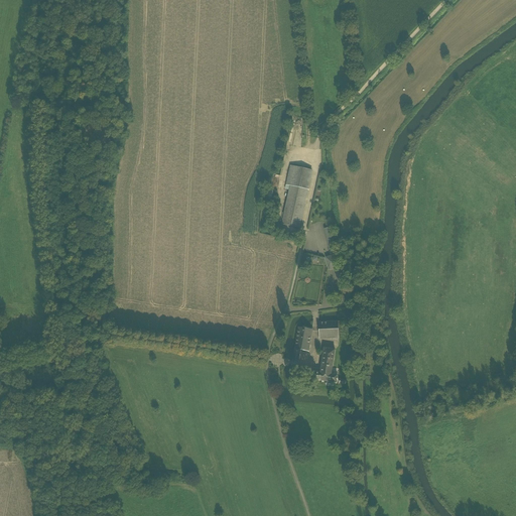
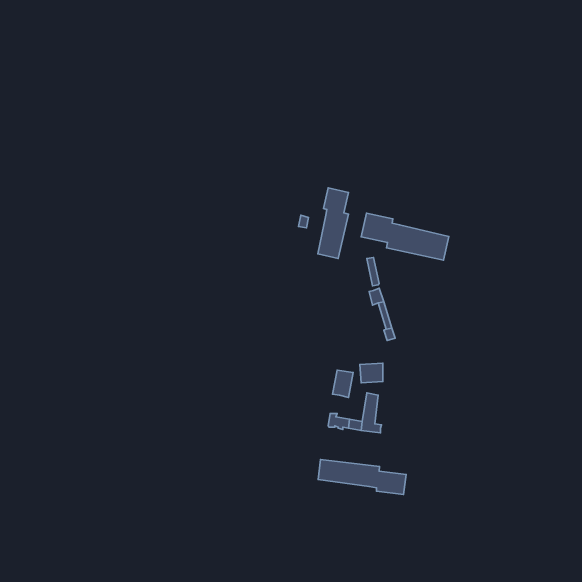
building: none -> [361,213,449,260]
building: none -> [318,459,406,495]

